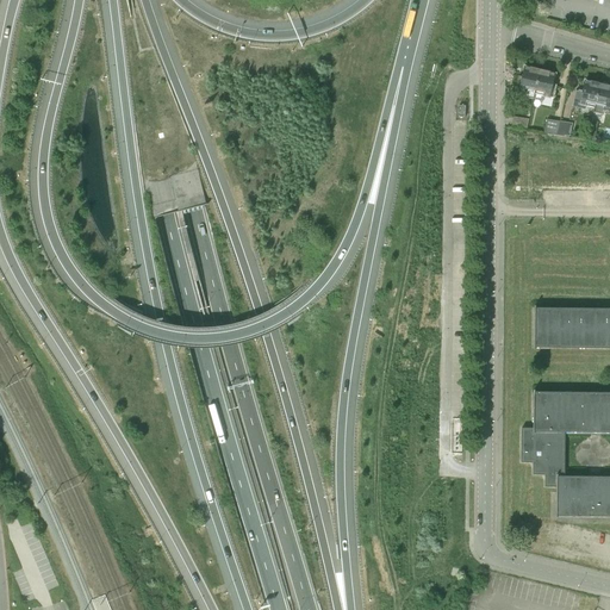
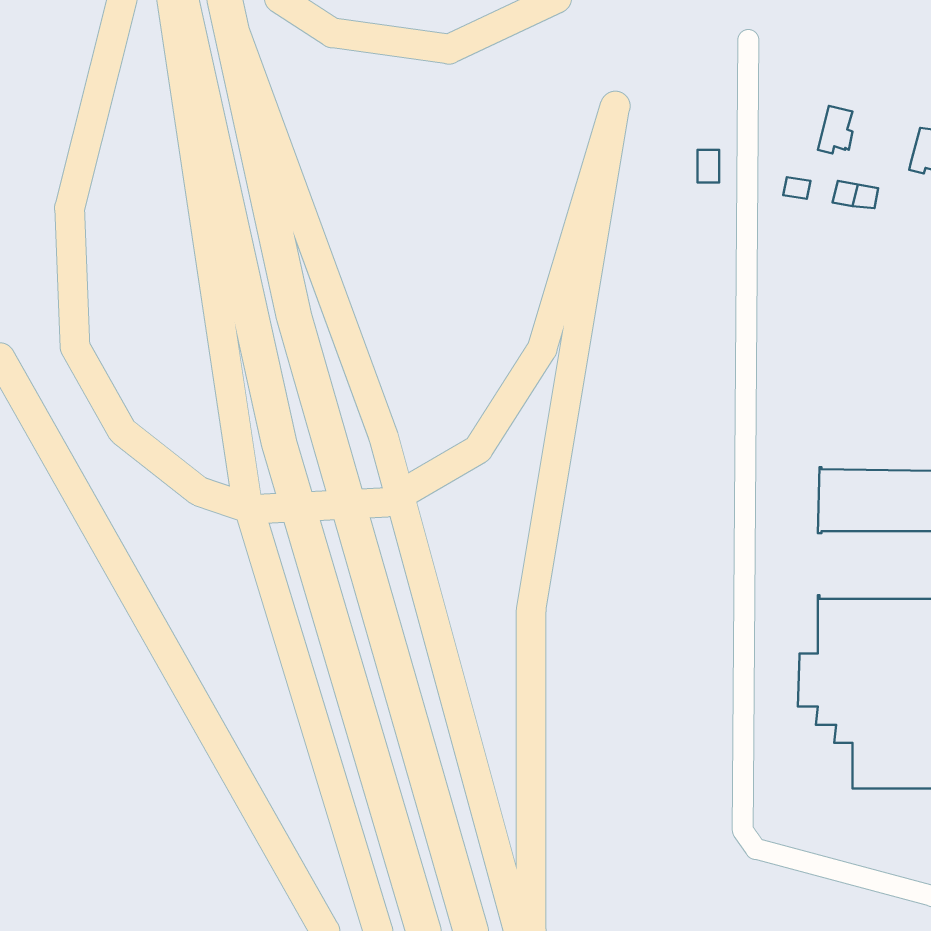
building: [518,66,542,98] -> none
building: [574,79,602,108] -> none

